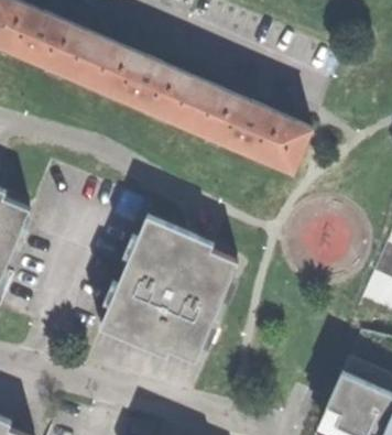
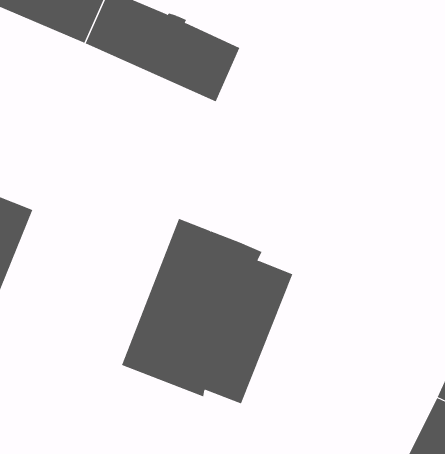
building: [176,80,311,173] -> none

